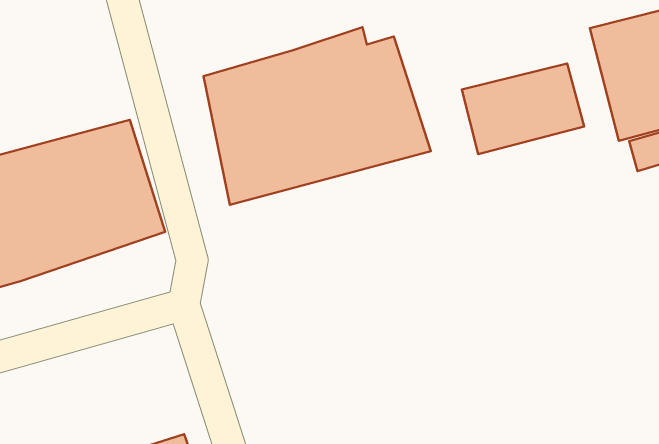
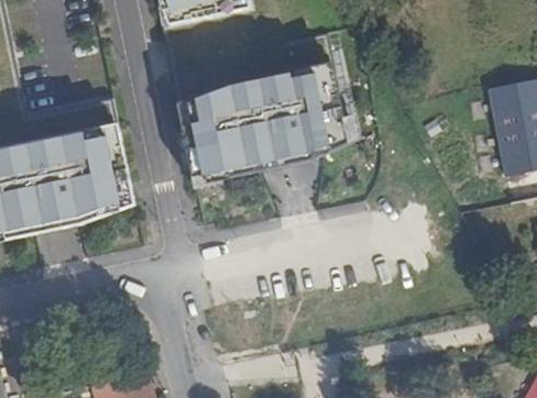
building: [462,64,584,154] -> none

